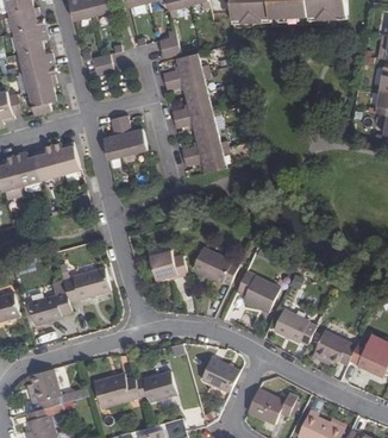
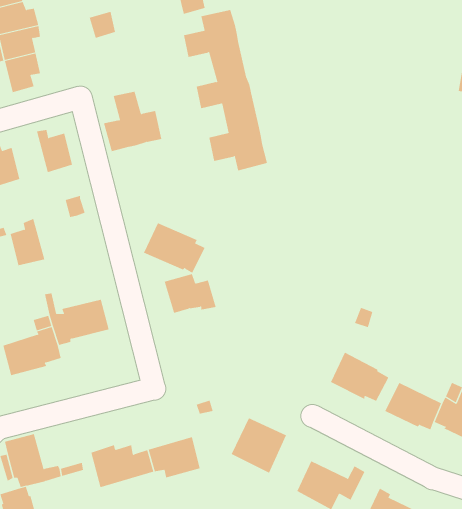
building: [36,143,62,179] -> [10,218,45,266]
building: [192,246,238,284] -> [143,222,205,274]
building: [237,271,280,312] -> none

